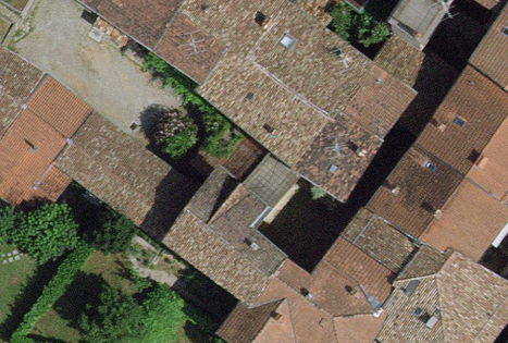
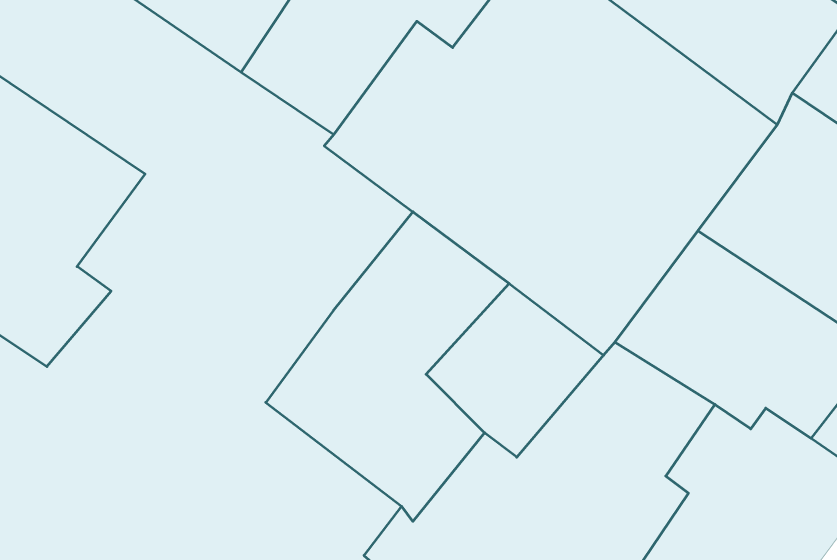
building: [53,110,201,242] -> none

